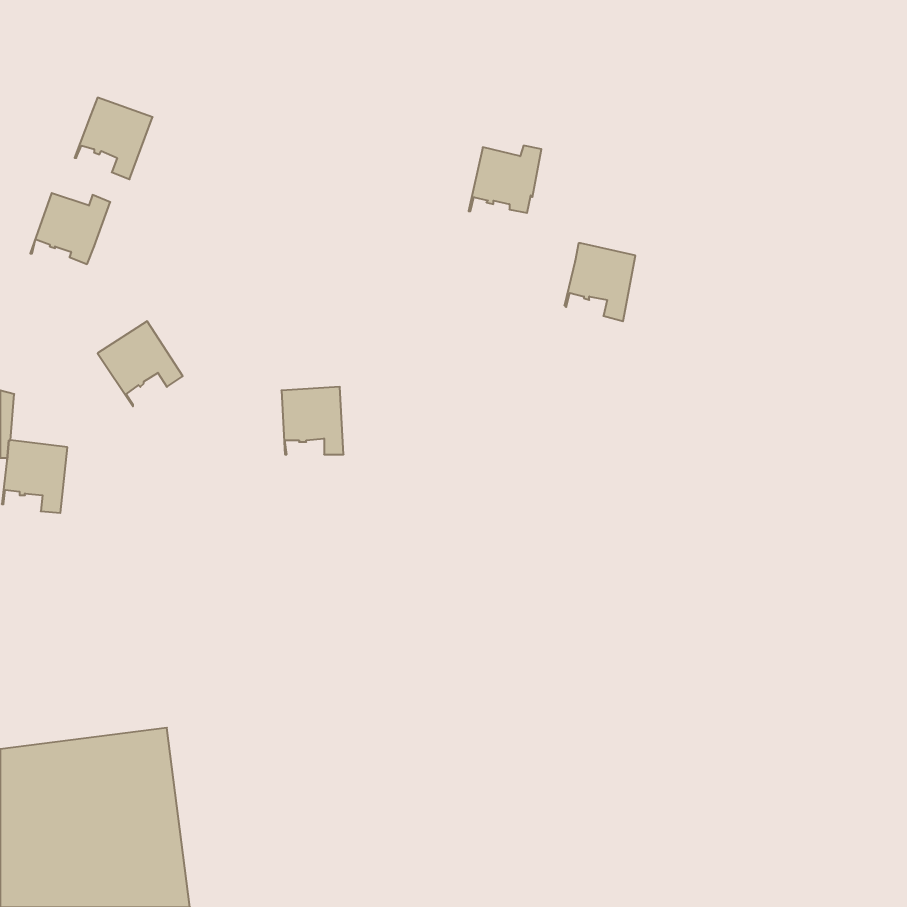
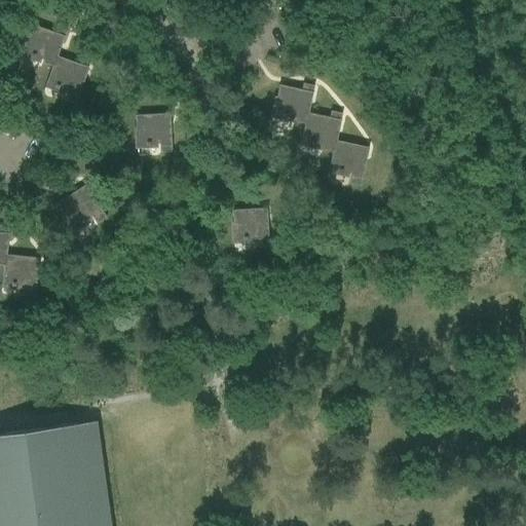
building: [30,193,110,264] -> [20,26,66,67]
building: none -> [299,112,341,151]
building: none -> [136,114,172,153]
building: [281,387,344,454] -> [232,209,268,248]

